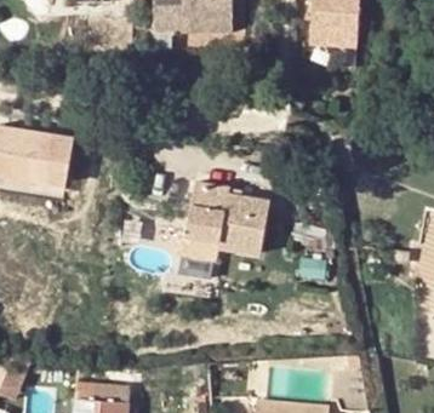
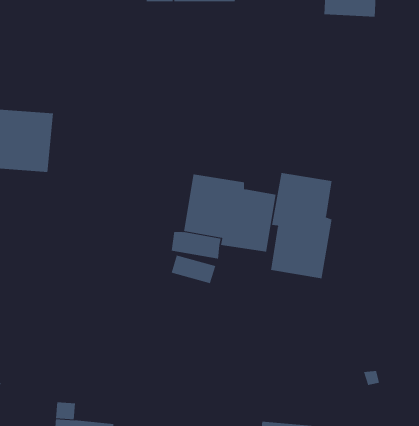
building: none -> [271,172,332,279]

